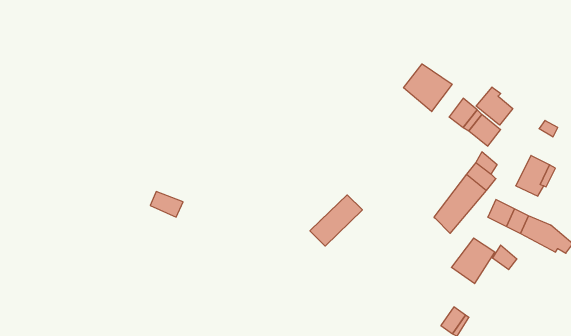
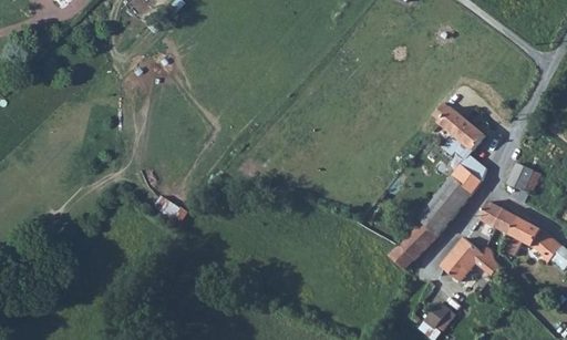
building: [404,64,452,112] -> none
building: [476,87,513,125] -> none
building: [310,195,362,246] -> [390,220,440,269]

